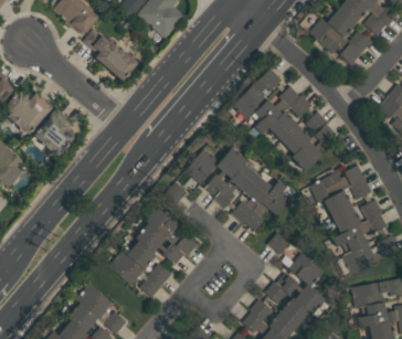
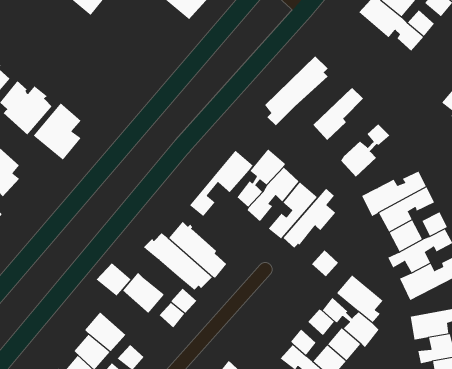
building: [84,29,139,82] -> none
building: [254,86,300,134] -> none
building: [281,112,328,153] -> none
building: [126,241,156,269] -> [96,262,131,297]

